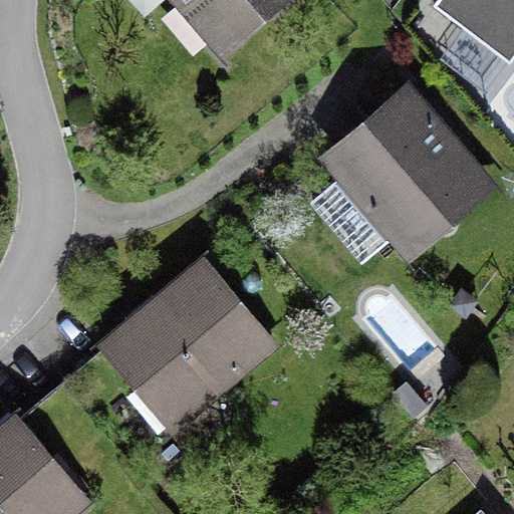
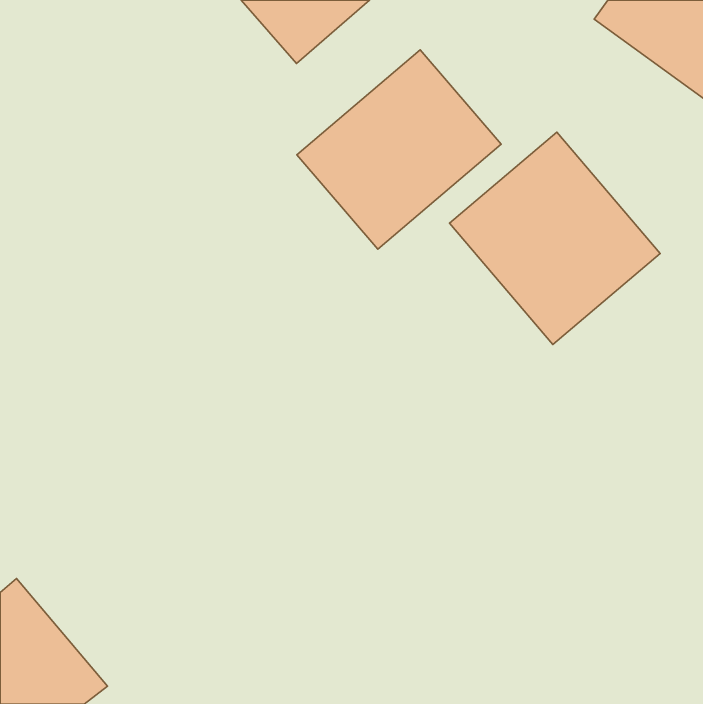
building: none -> [297,50,501,249]
building: [102,265,267,427] -> none

